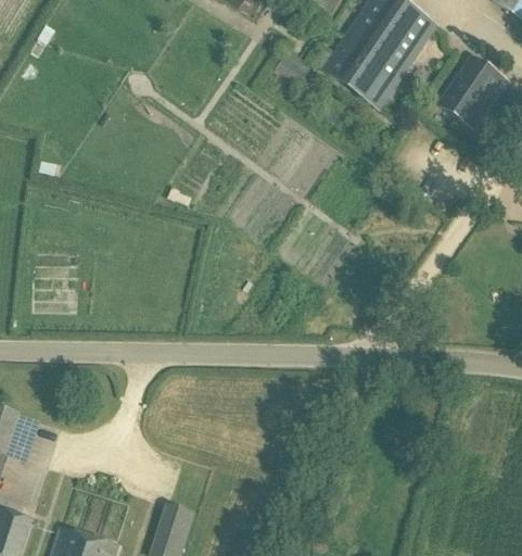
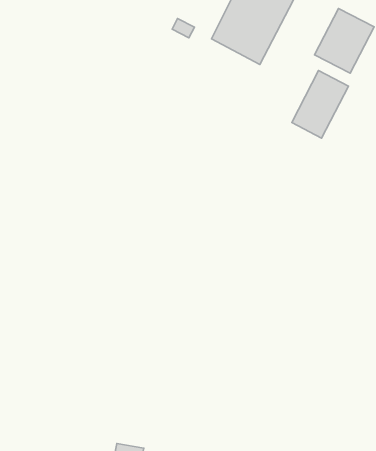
building: none -> [292,70,348,138]

